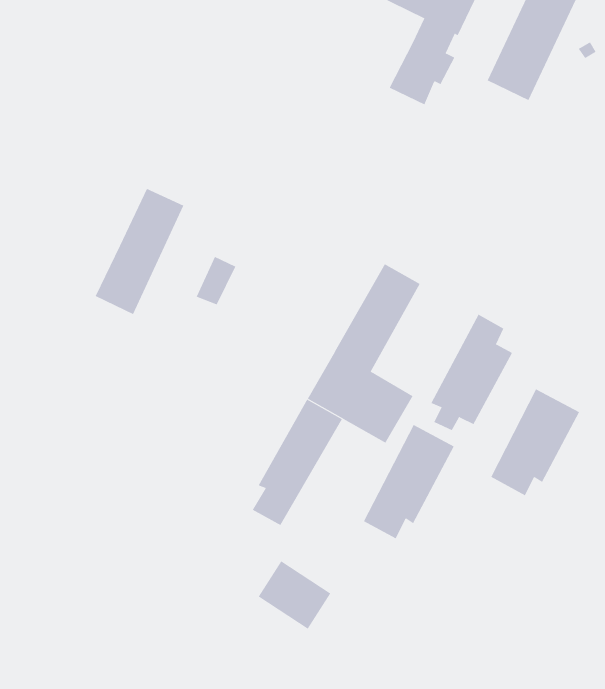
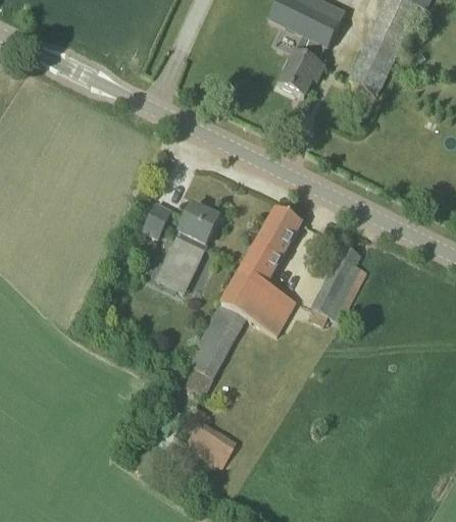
building: [95,188,184,315] -> [155,203,218,293]
building: [490,388,580,496] -> none
building: [363,424,455,539] -> none

